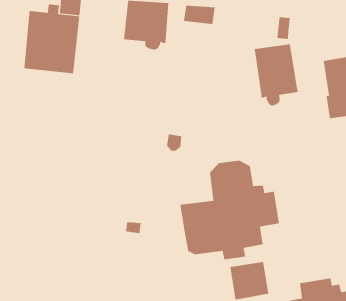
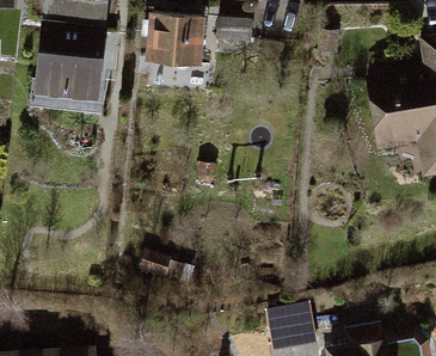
building: [254,43,298,106] -> none
building: [180,160,279,260] -> none

